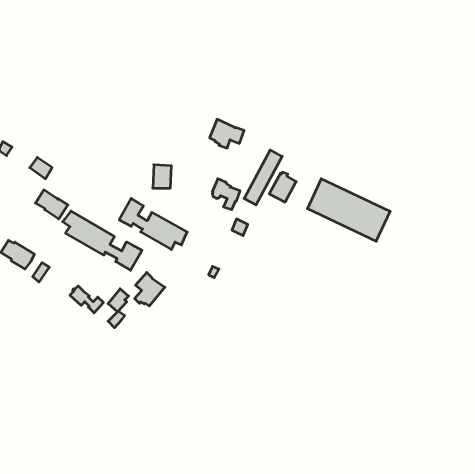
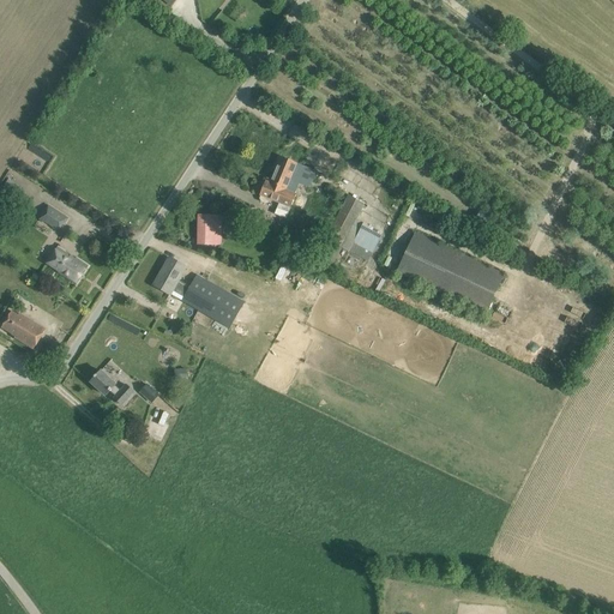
building: [212,179,240,210] -> [259,176,295,216]
building: [63,211,142,270] -> none
building: [135,272,165,306] -> none

